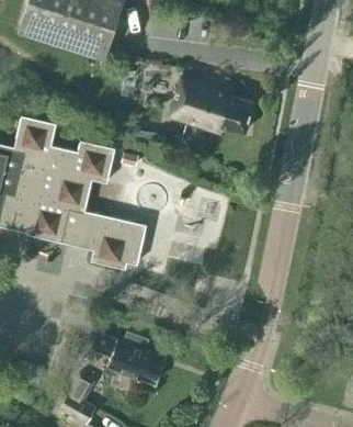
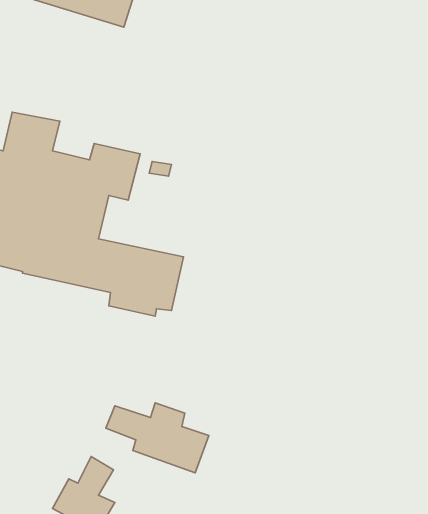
building: [169,71,252,135] -> none

